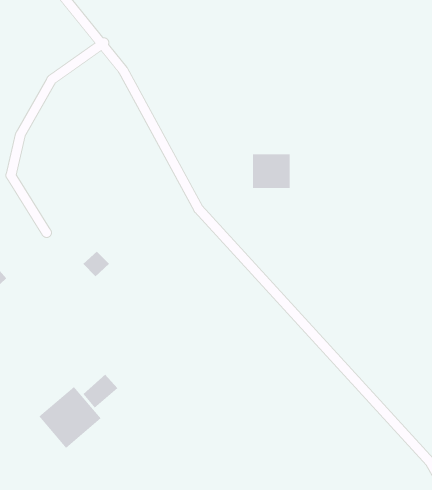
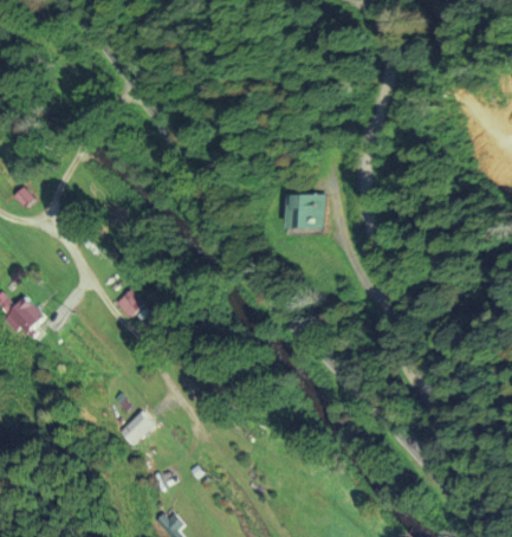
building: [38,386,101,449] -> none

